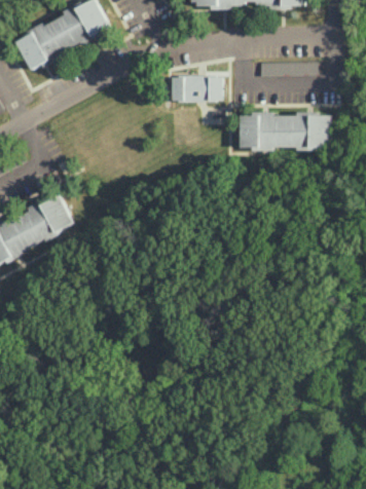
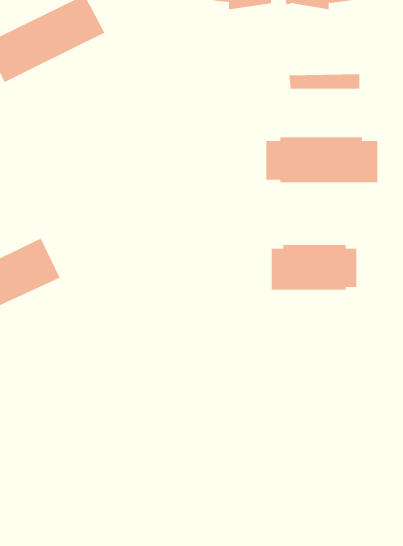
building: [170,75,221,101] -> none
building: none -> [271,244,357,291]

